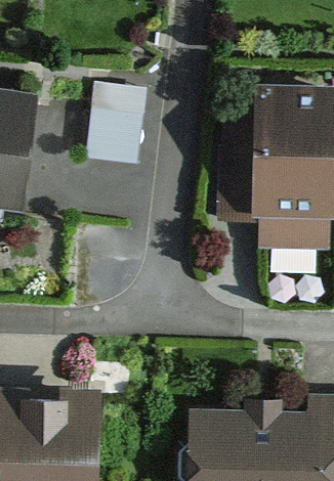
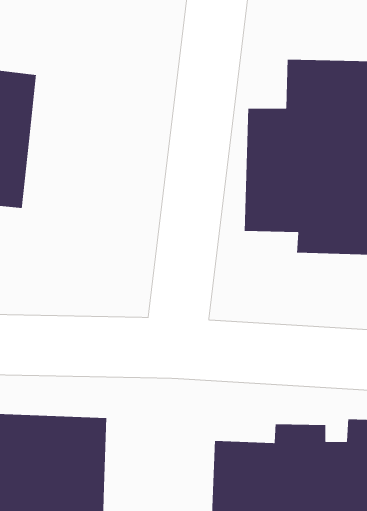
building: [87,92,144,164] -> none

